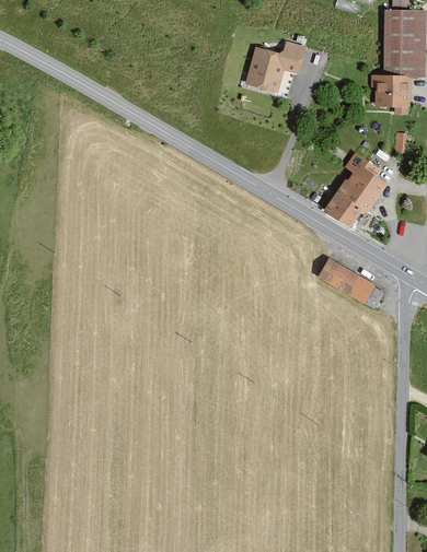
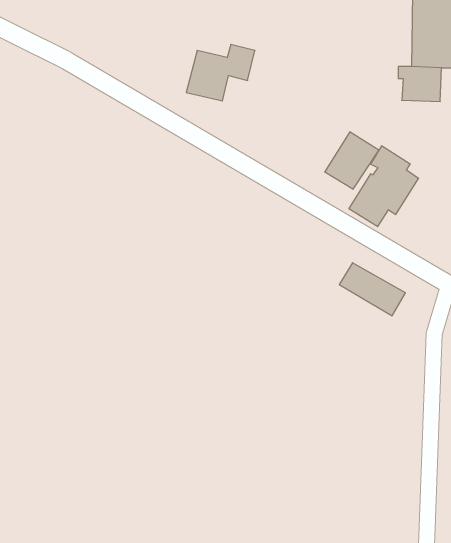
building: [245,40,308,92] -> [186,44,255,101]
building: none -> [325,132,379,189]

